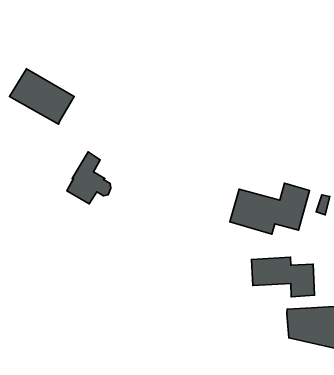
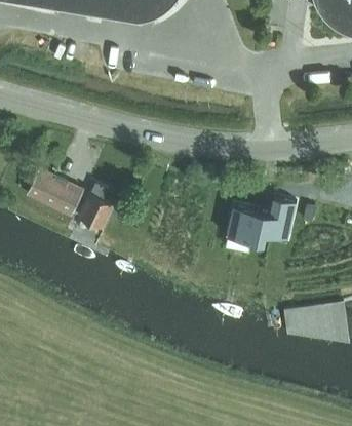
building: [10,69,74,124] -> [27,168,84,216]
building: [251,257,315,297] -> none

